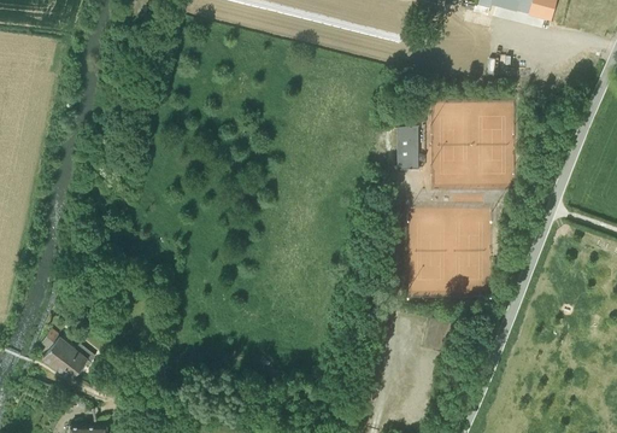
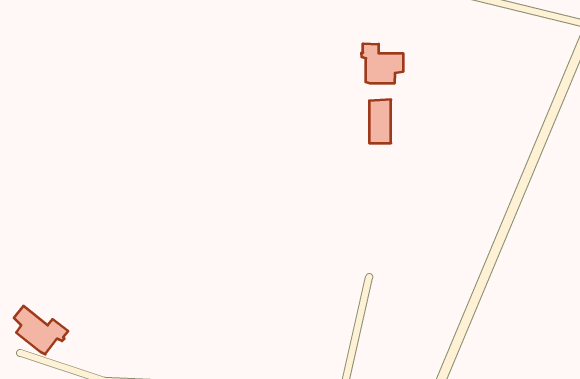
building: none -> [361,44,403,83]

